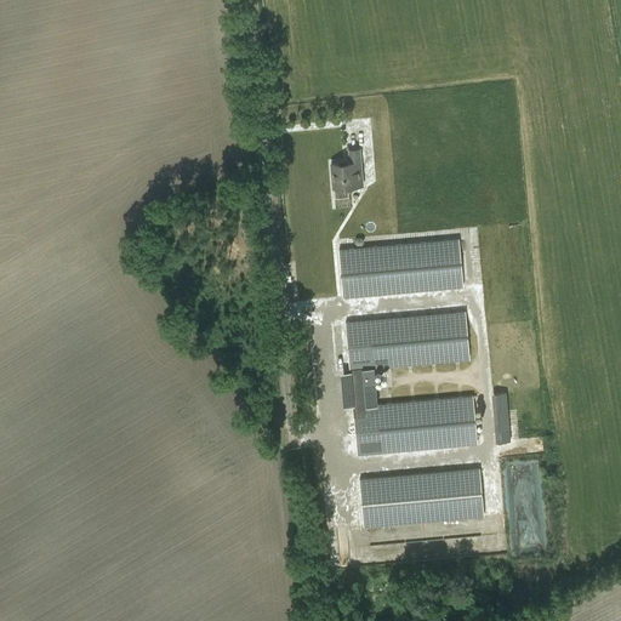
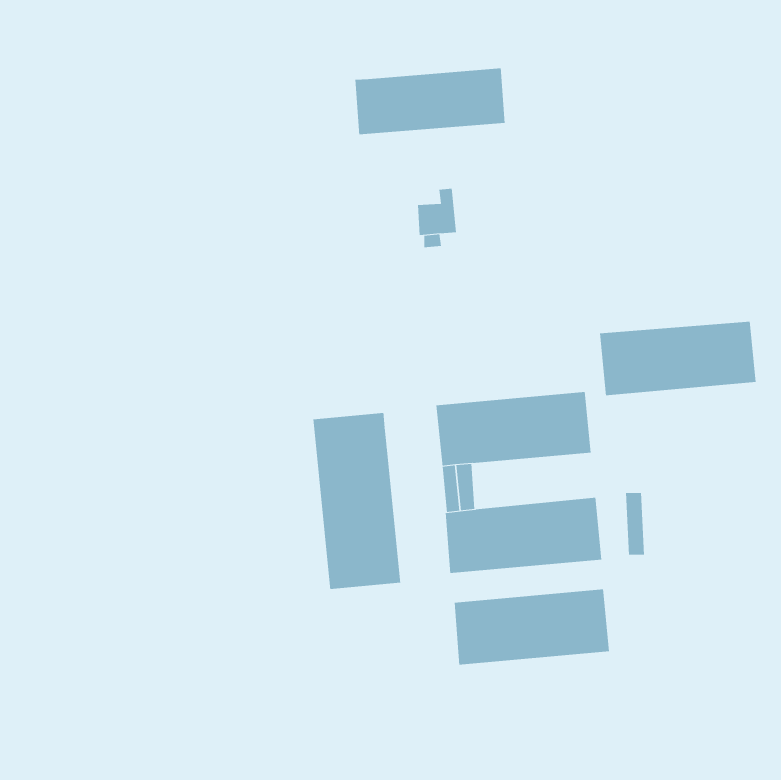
building: none -> [355,68,505,135]
building: [338,239,463,298] -> [599,321,757,396]
building: none -> [313,412,401,590]

